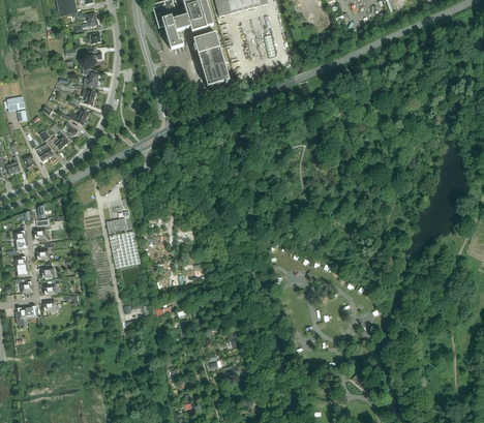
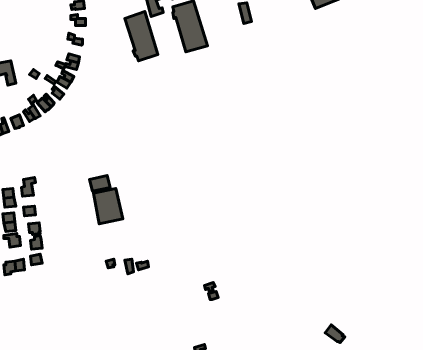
building: none -> [125,12,158,61]

